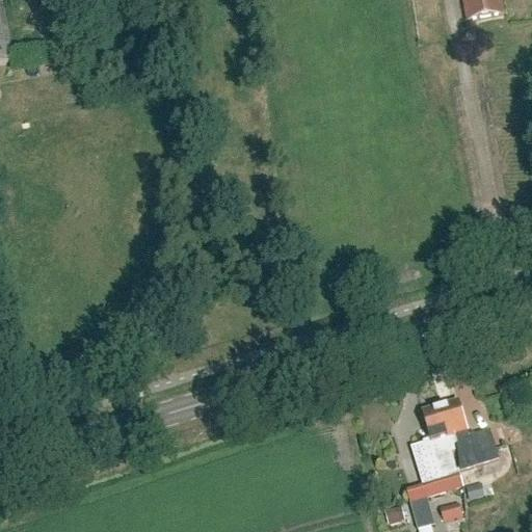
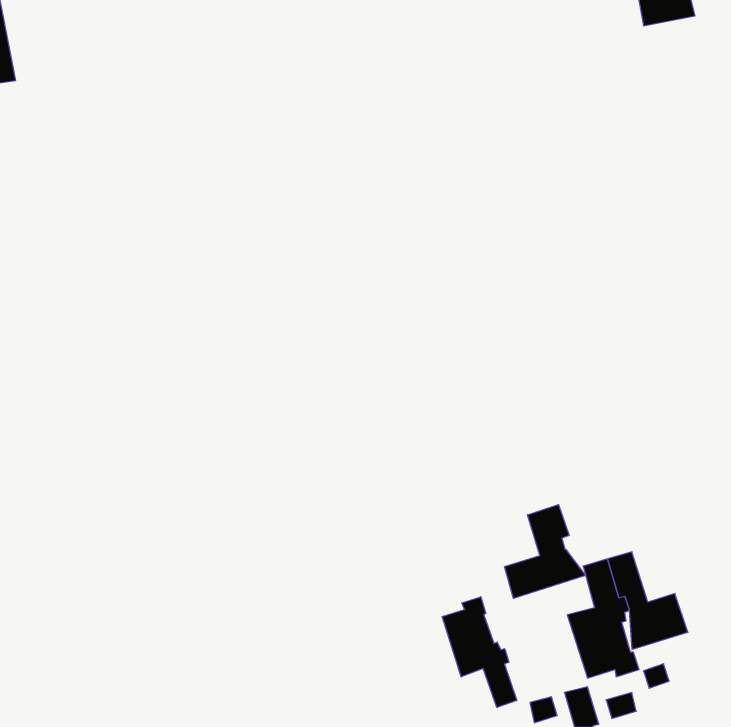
building: none -> [505,505,586,598]
building: none -> [442,597,517,708]

